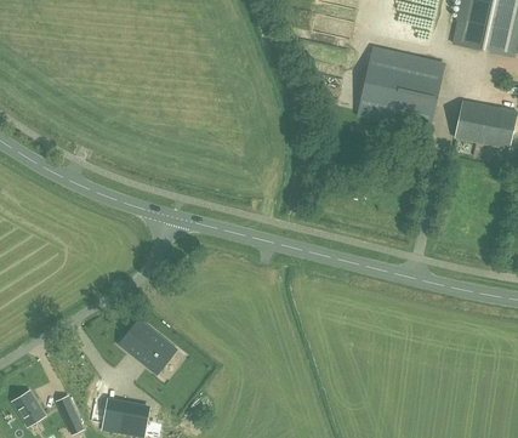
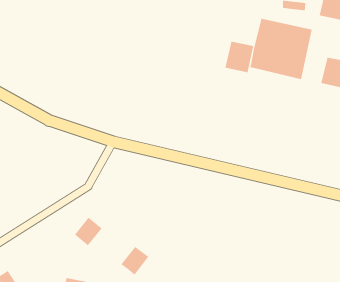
building: none -> [225,41,254,73]
building: [138,334,177,374] -> [121,246,149,276]

